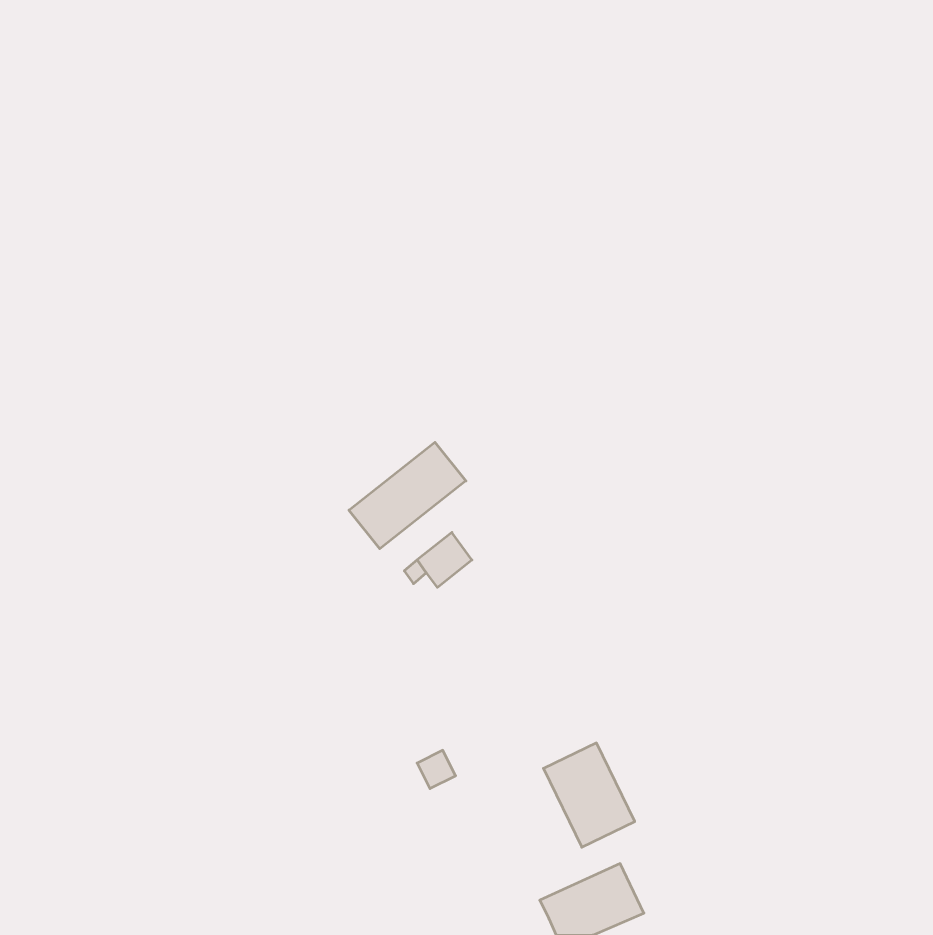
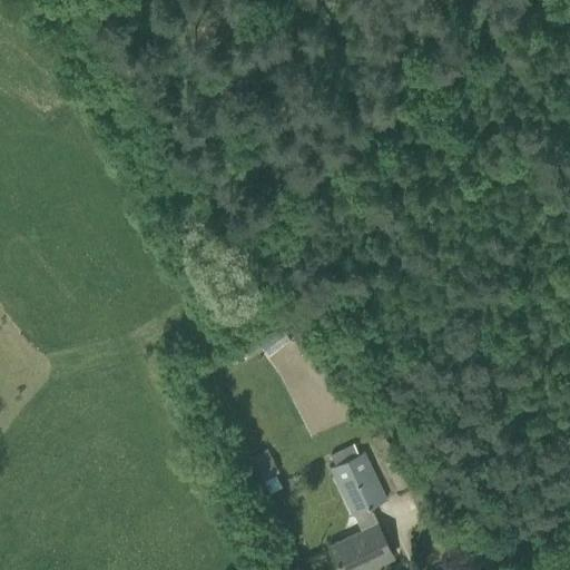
building: [349,442,466,549] -> none

